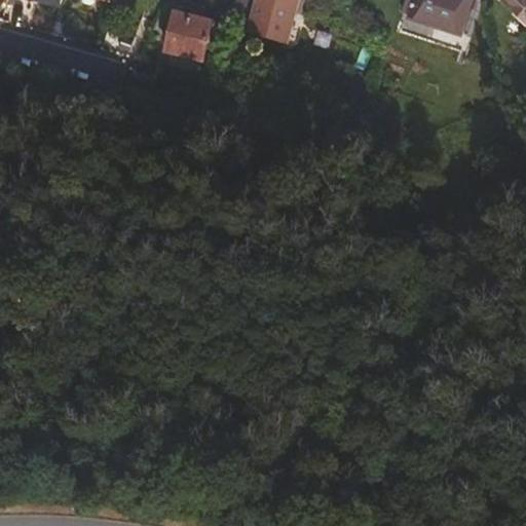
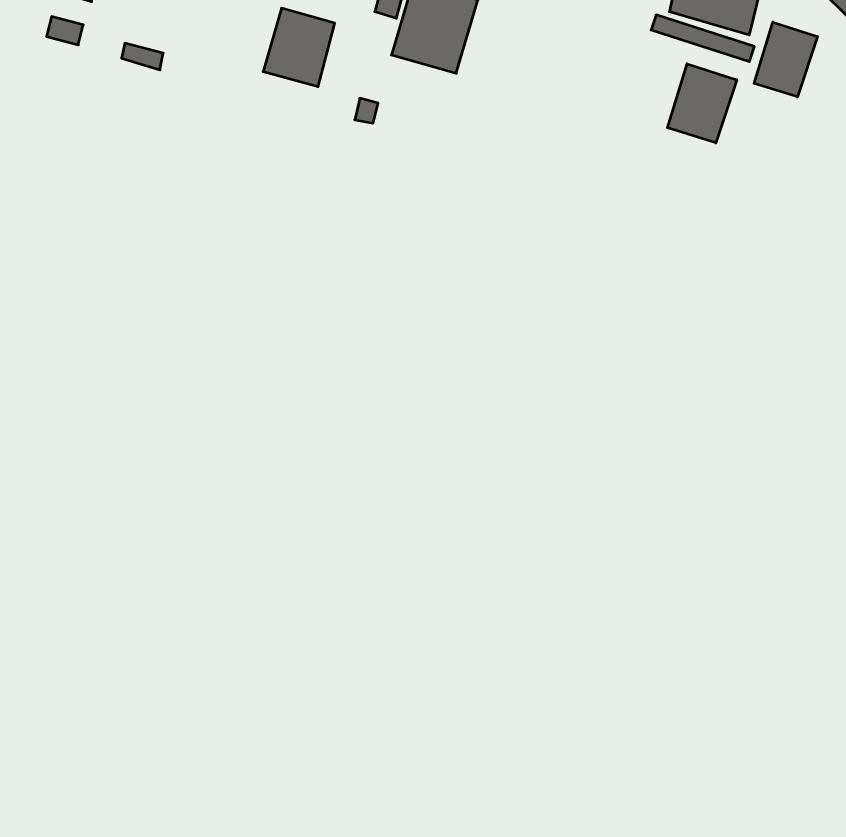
building: none -> [754,22,817,97]
building: none -> [667,64,737,143]

